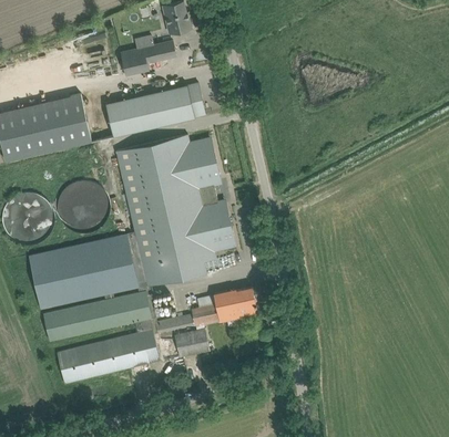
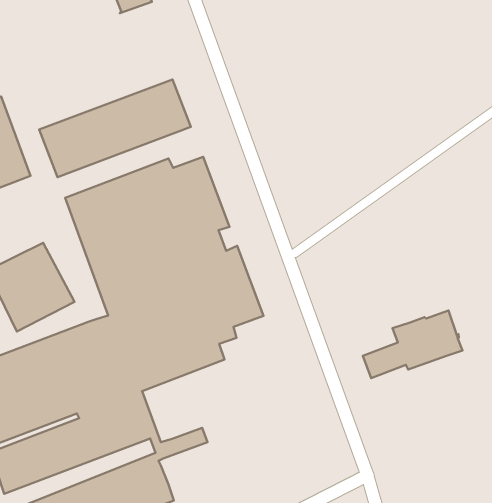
building: [120,37,175,75] -> none
building: [191,288,257,325] -> [363,311,462,378]
building: [174,330,208,358] -> none

